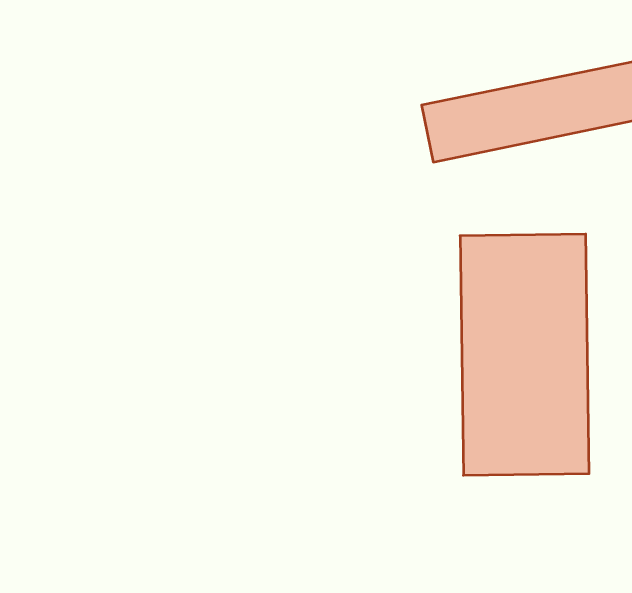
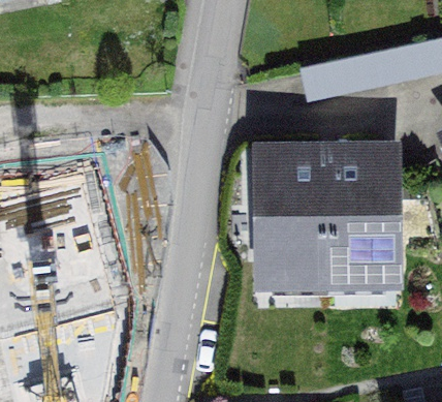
building: none -> [250,146,323,295]

